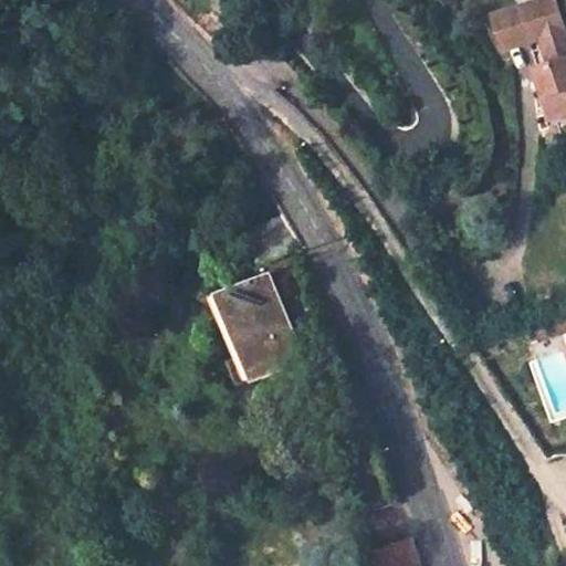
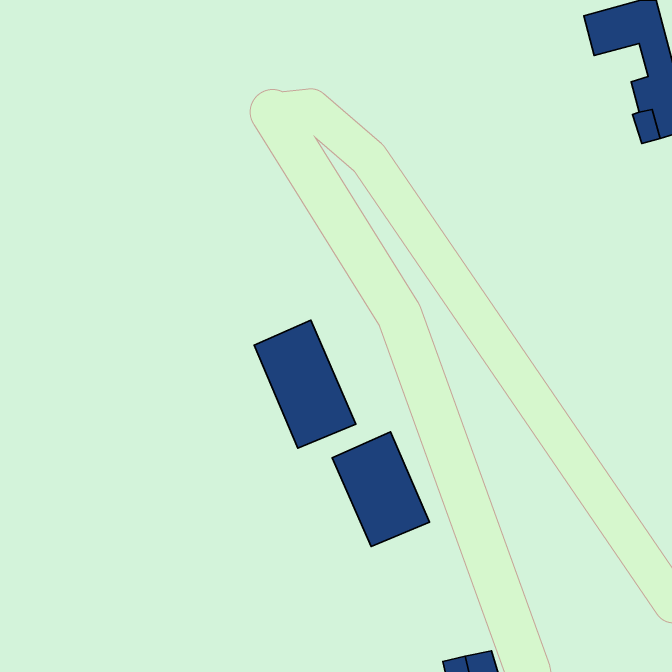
building: none -> [332,432,429,547]

